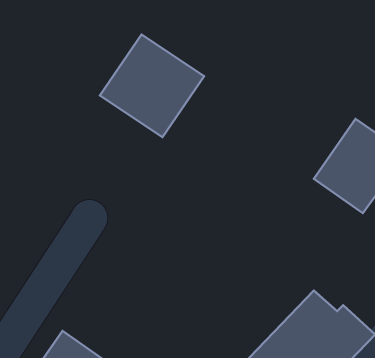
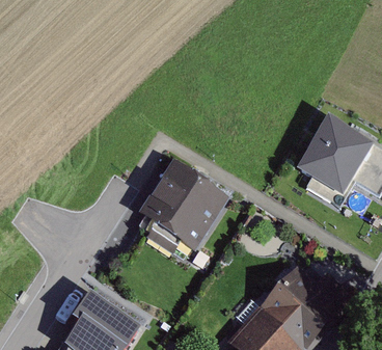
building: [100,34,204,137] -> [138,160,226,247]

